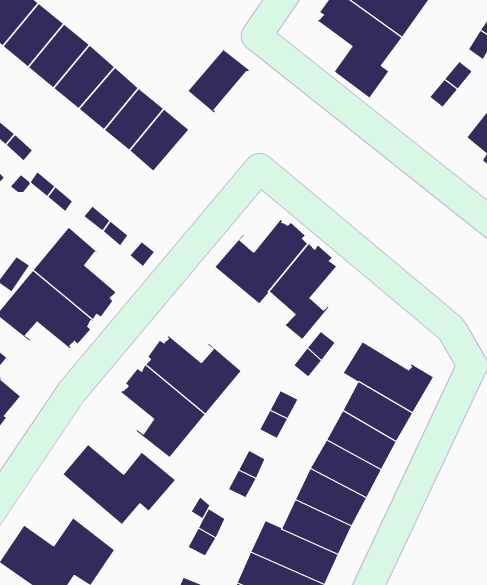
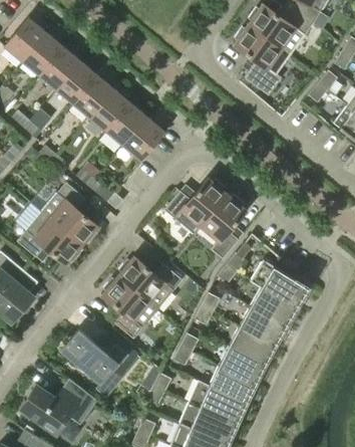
building: [187,49,250,113] -> [122,117,164,160]

